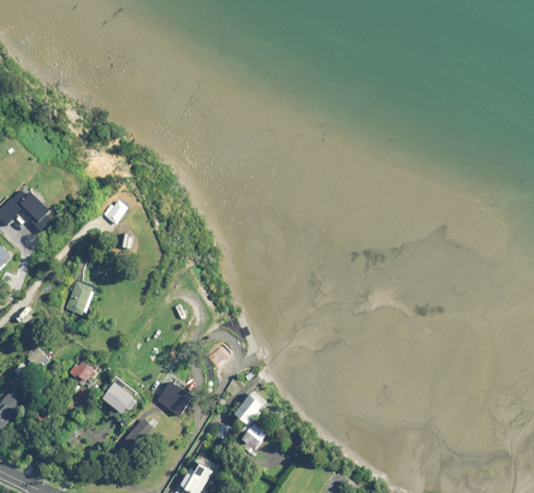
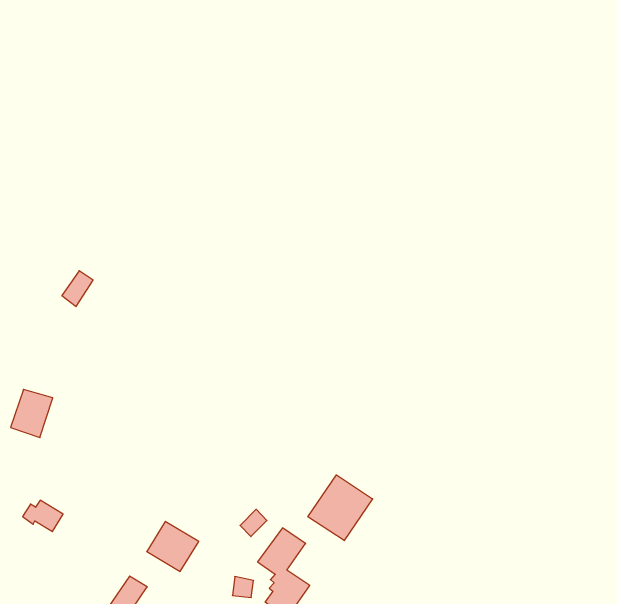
building: none -> [308,475,373,541]
building: [102,382,137,412] -> none

